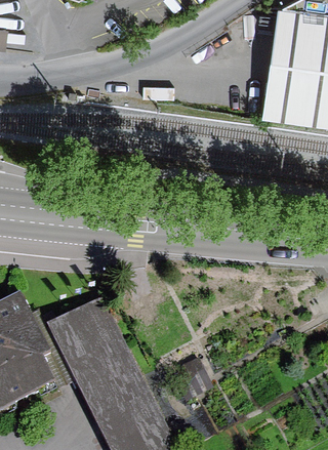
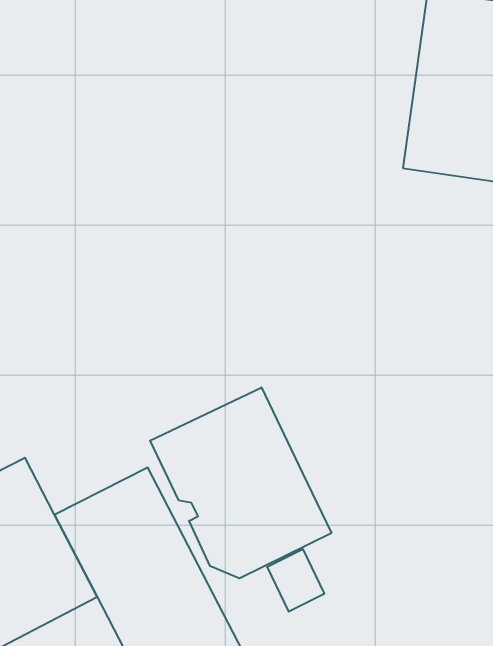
building: none -> [150,387,331,578]

